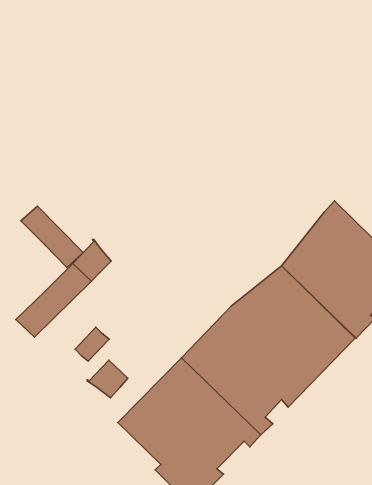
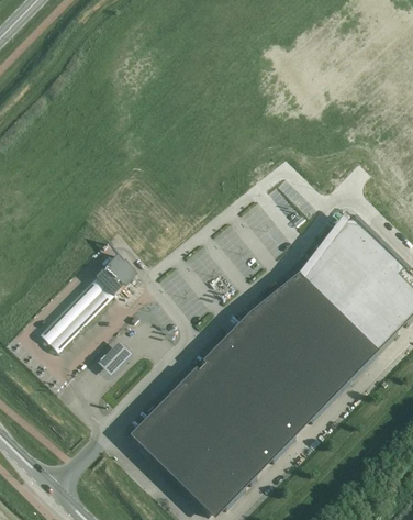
building: [21,206,83,268] -> none
building: [87,360,128,398] -> none

